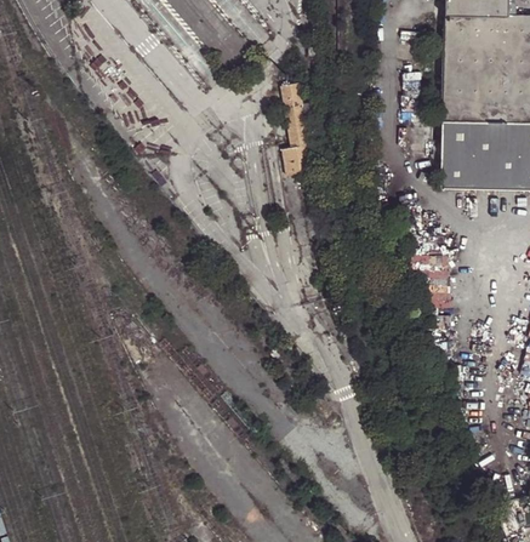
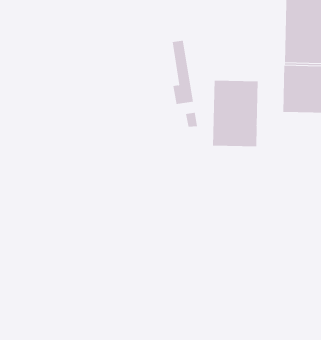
building: none -> [213,80,258,147]

